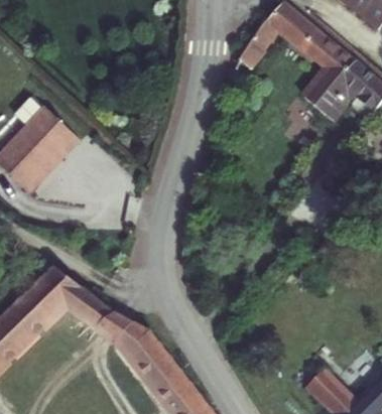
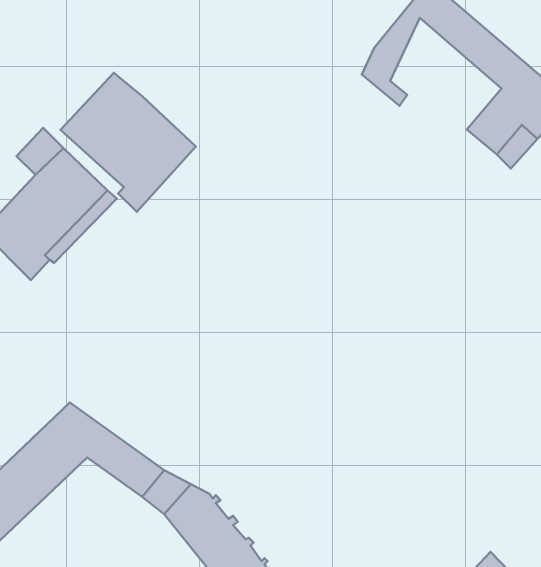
building: none -> [61,73,196,212]

